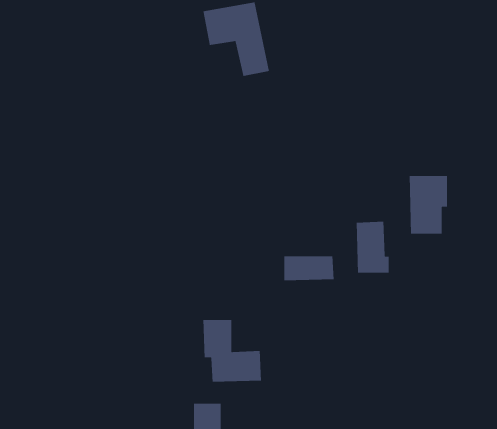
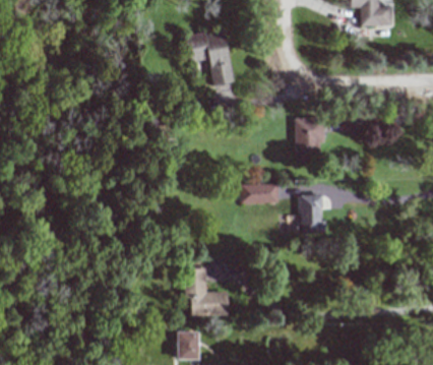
building: [409,175,448,235] -> [295,118,324,163]
building: [283,256,335,281] -> [240,184,279,203]

